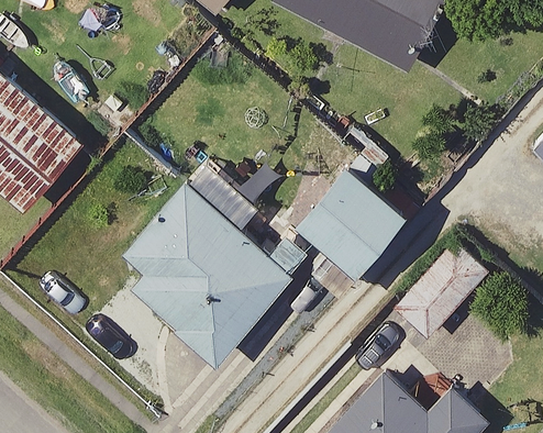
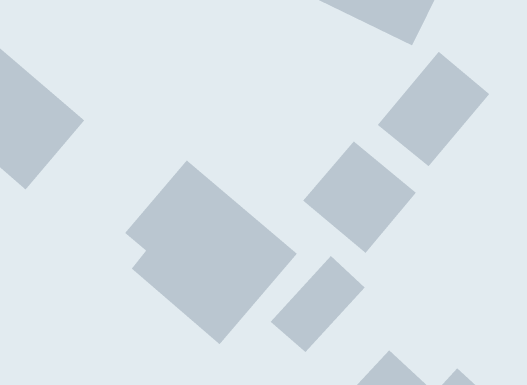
building: none -> [377,51,490,167]
building: [391,243,486,340] -> [270,255,365,353]

